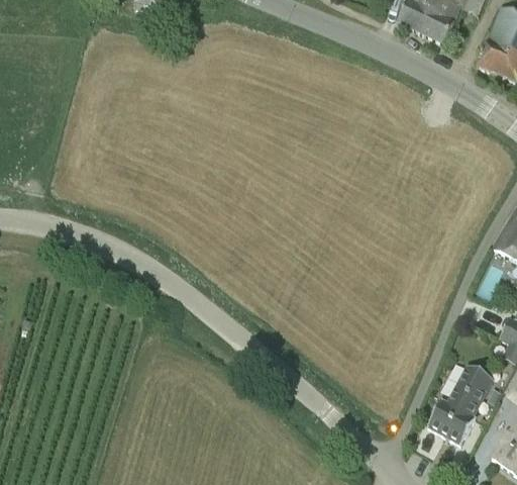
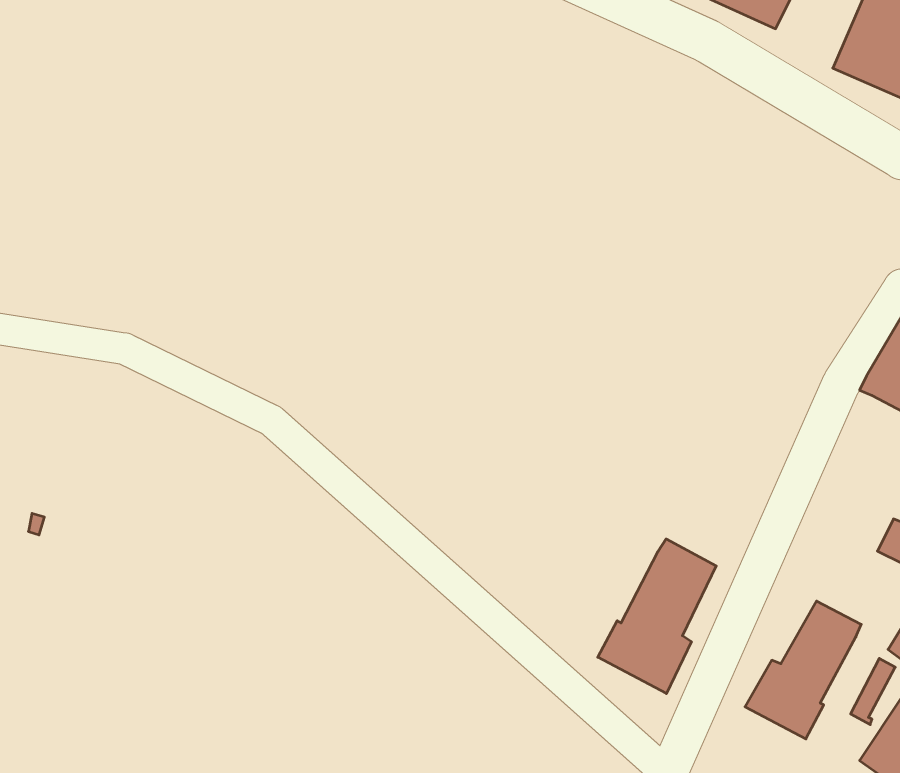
building: none -> [598,539,716,694]

